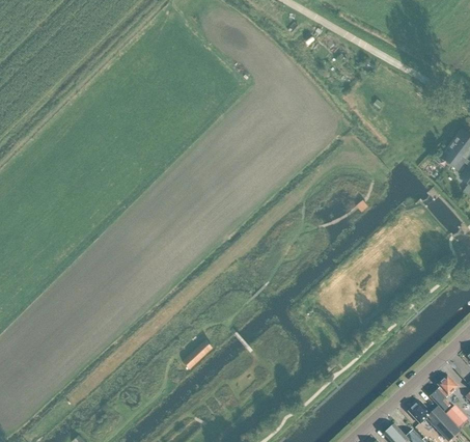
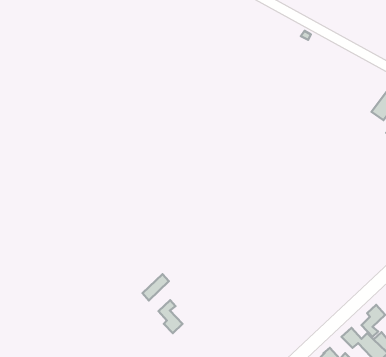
building: none -> [159,300,183,333]

